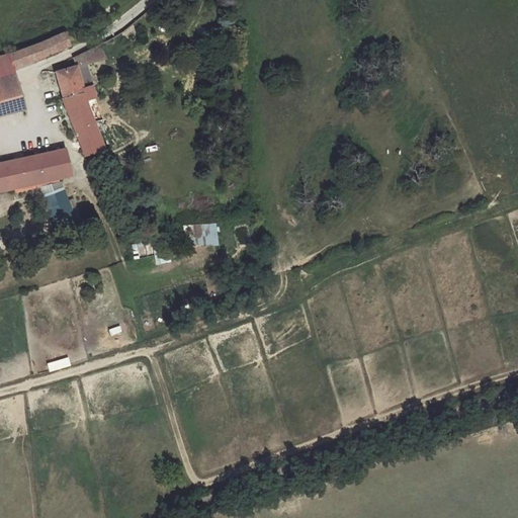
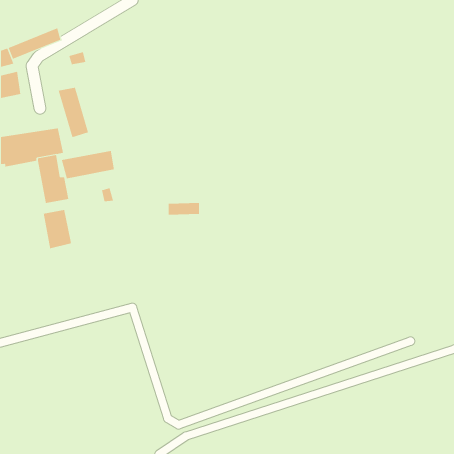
building: [57,72,98,105] -> none
building: none -> [61,150,115,179]
building: none -> [43,209,72,249]

